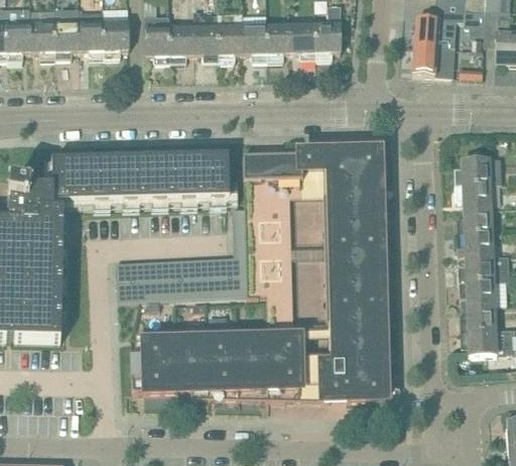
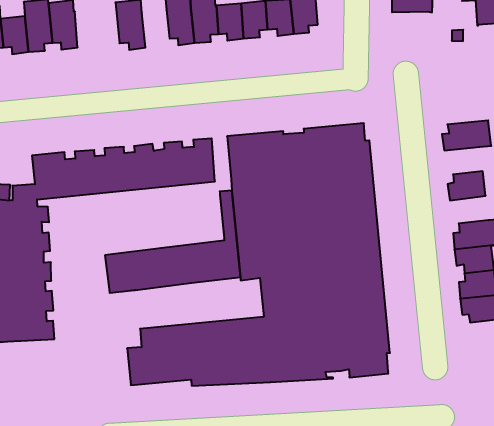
building: [104,19,129,55] -> none
building: [169,25,195,61] -> none
building: [412,43,453,75] -> none
building: [456,182,492,207] -> none
building: [458,230,494,256] -> none

